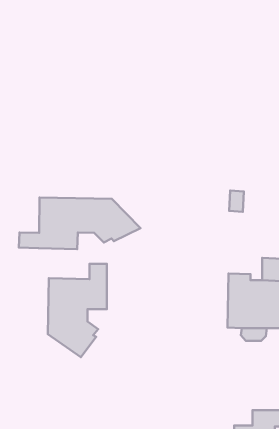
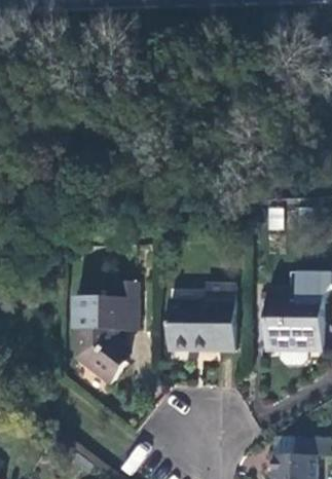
building: [19,198,140,249] -> none
building: none -> [165,285,233,351]

